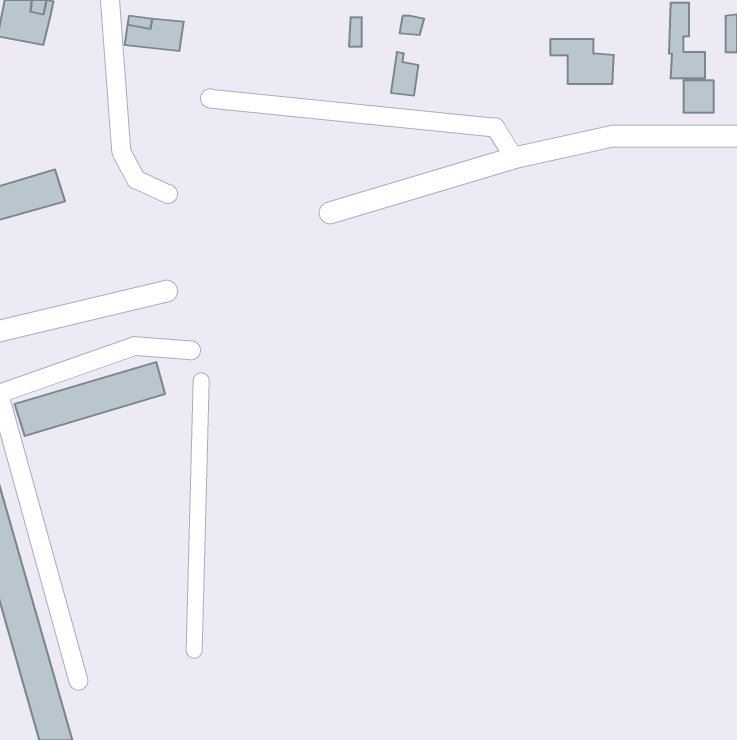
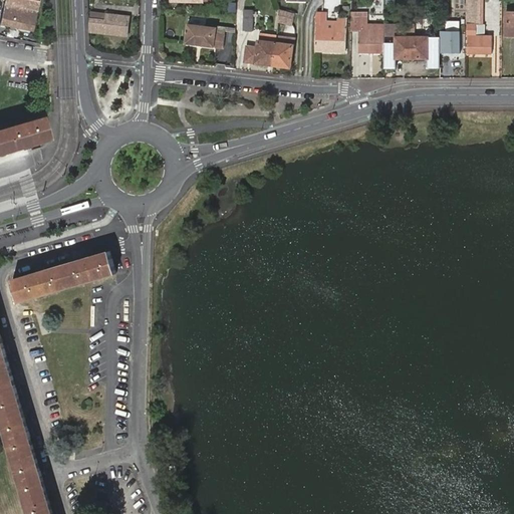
building: none -> [350,13,381,52]
building: none -> [313,14,344,51]
building: none -> [182,24,223,50]
building: none -> [243,35,275,64]
building: [683,81,714,112] -> [437,30,458,52]

